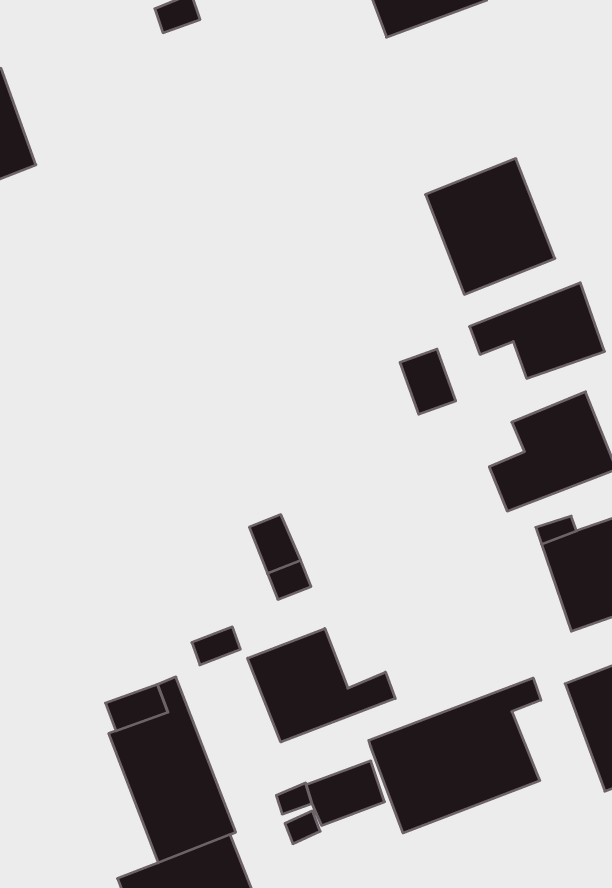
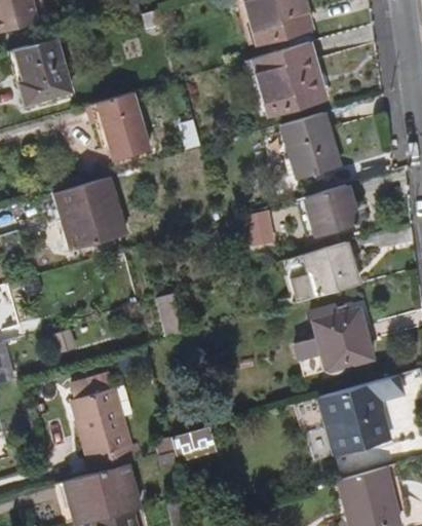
building: none -> [246,43,327,118]
building: none -> [91,95,141,162]
building: none -> [44,179,116,254]
building: [248,628,395,742] -> none
building: [369,678,541,833] -> none

